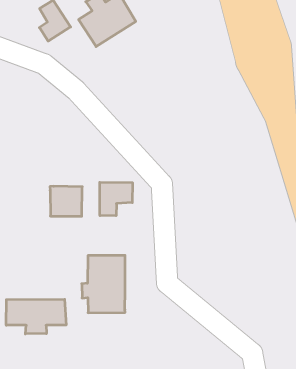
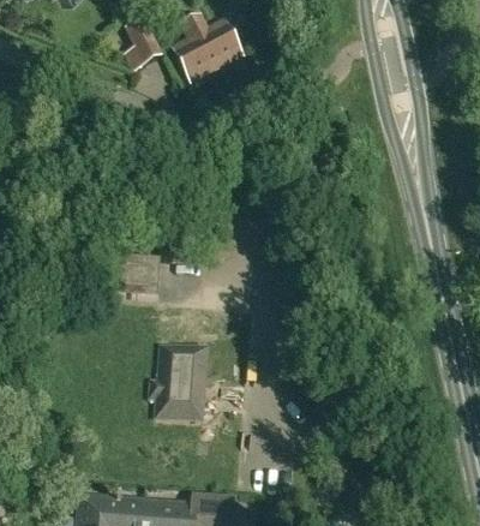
building: [100,182,132,216] -> none
building: [6,299,66,334] -> none

